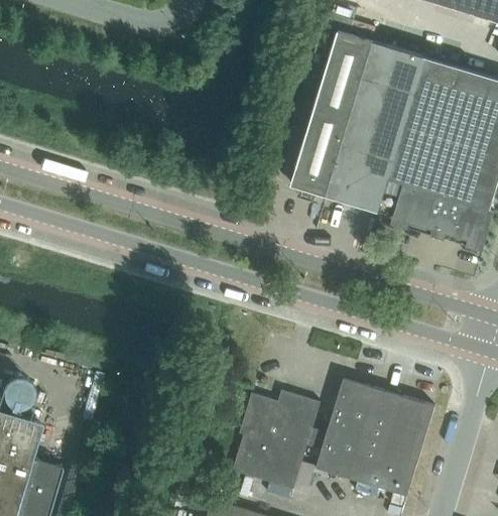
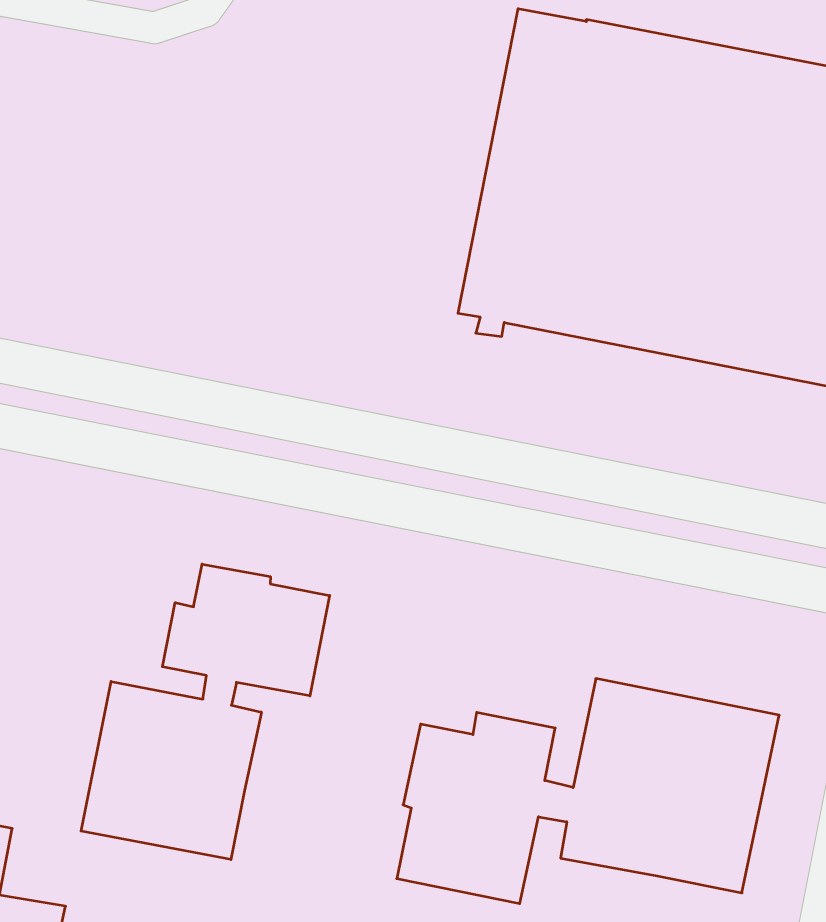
building: none -> [81,564,330,860]

